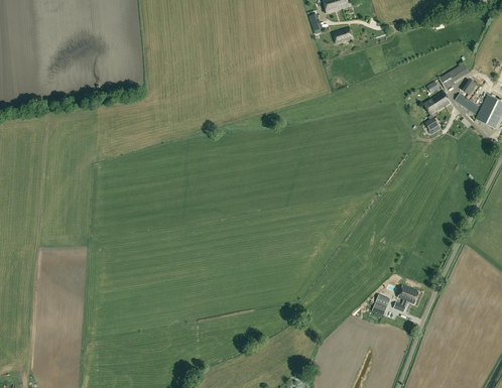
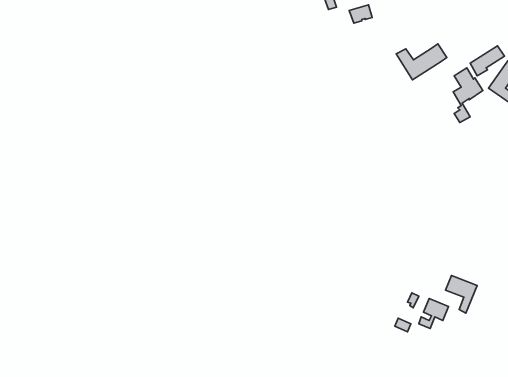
building: none -> [396,44,447,80]
building: none -> [446,275,477,313]

